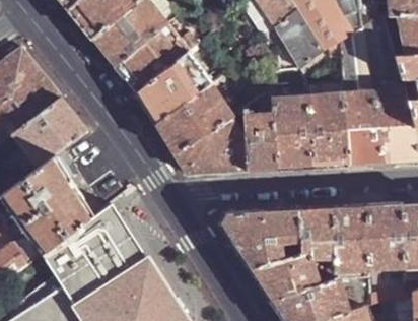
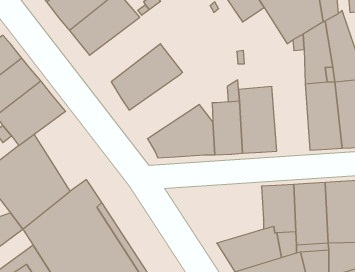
building: [278,17,326,72] -> none
building: [115,27,191,97] -> none
building: [157,88,232,157] -> none
building: [309,99,350,171] -> none
building: [219,208,300,269] -> none

